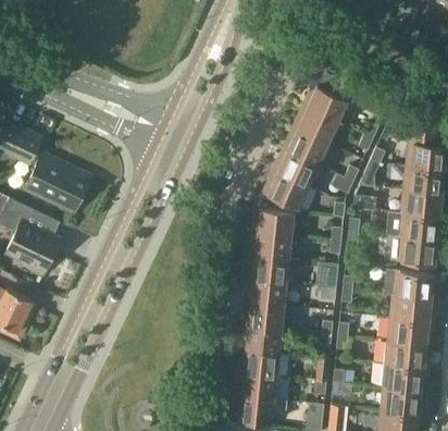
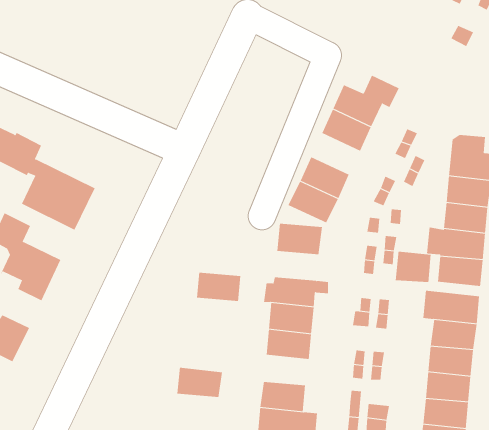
building: [283,127,327,164] -> none
building: none -> [395,251,431,283]
building: [250,233,290,259] -> [196,272,241,301]
building: [240,325,282,353] -> [177,367,223,398]

